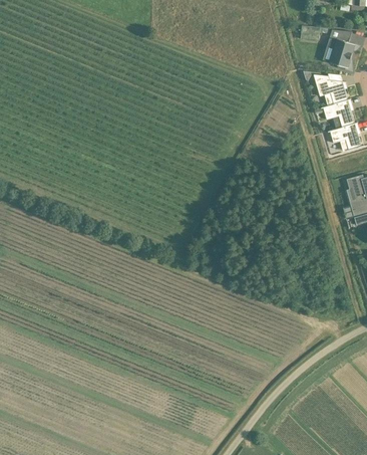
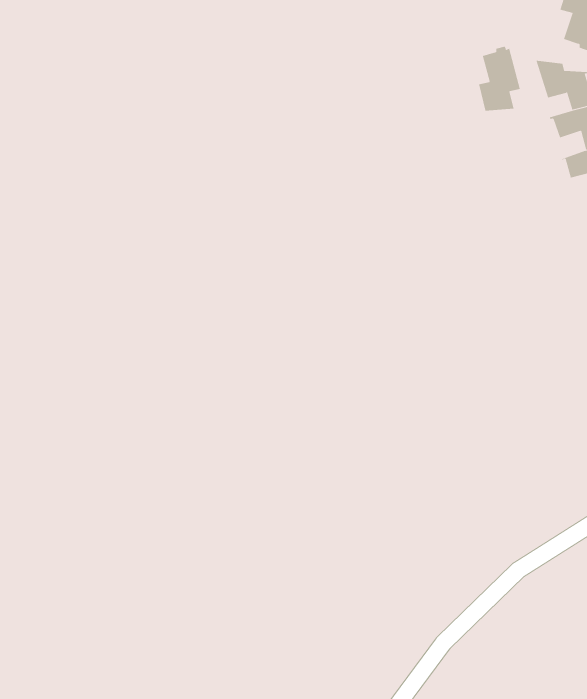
building: none -> [478,46,521,112]

